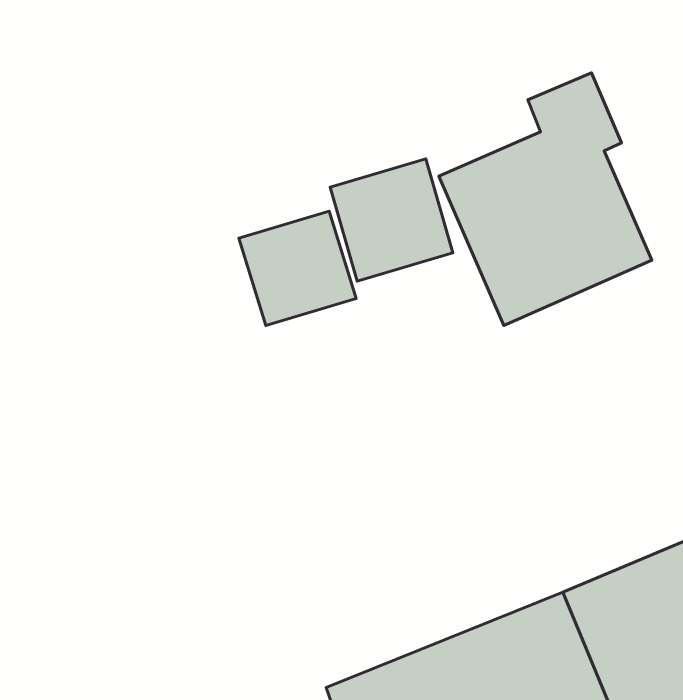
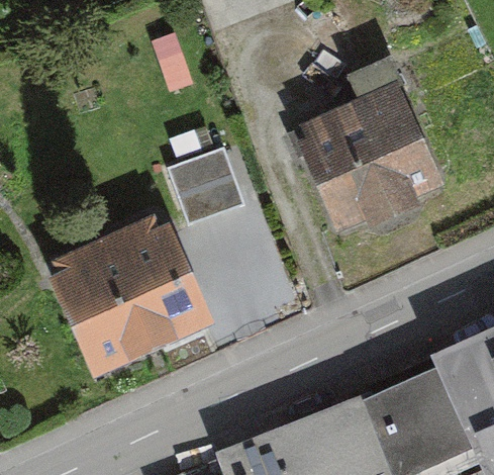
building: [330,159,453,281] -> none
building: none -> [52,222,200,370]

